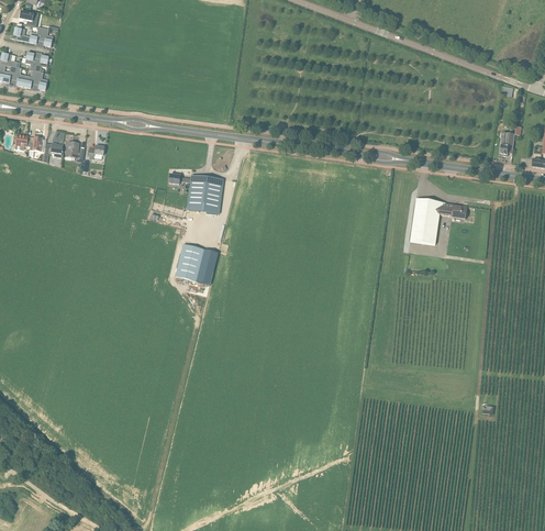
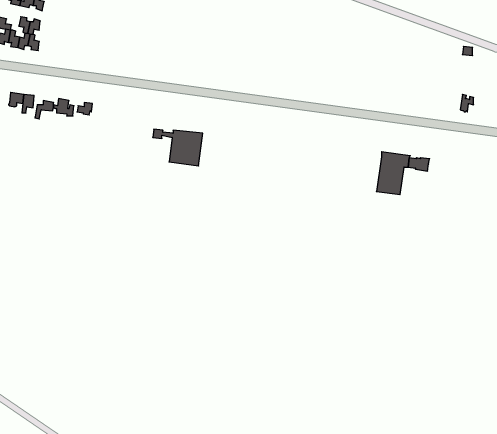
building: [175,242,218,279] -> none

